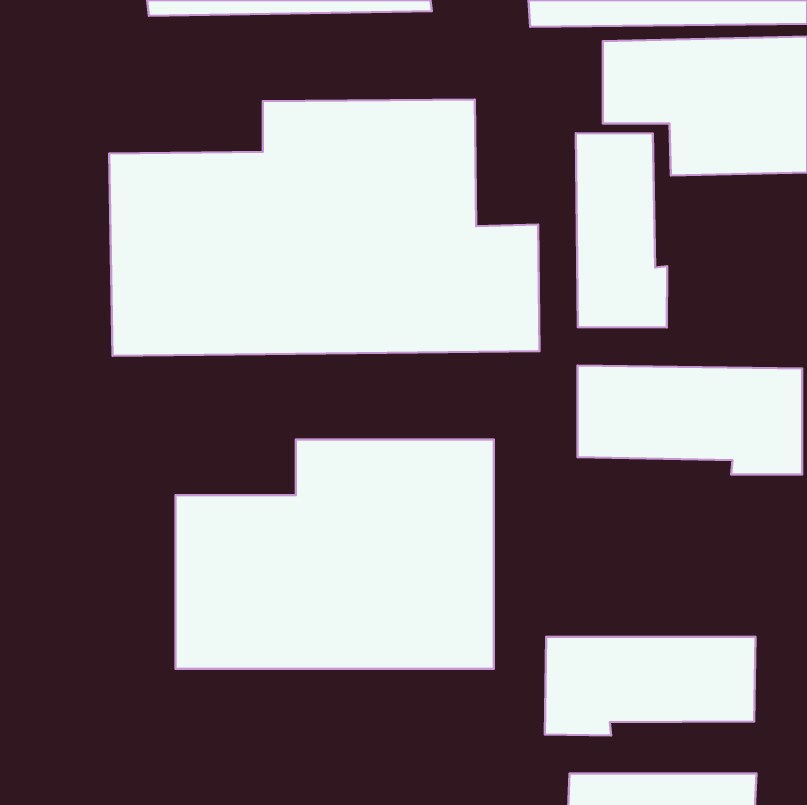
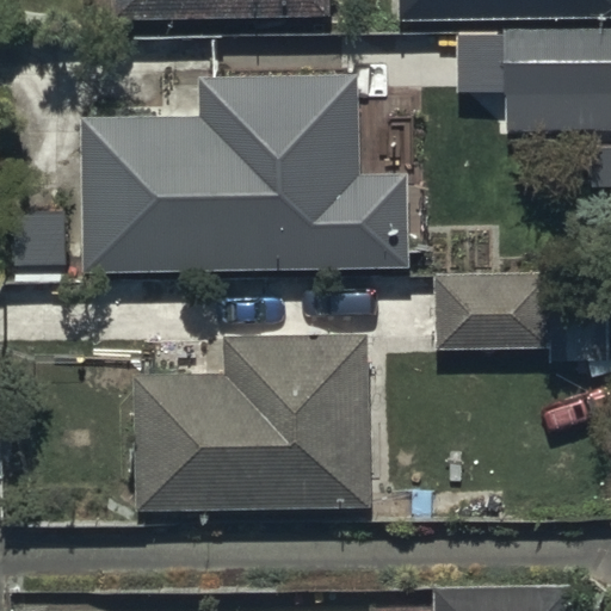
building: [576,133,667,328] -> none
building: [545,637,756,735] -> none

